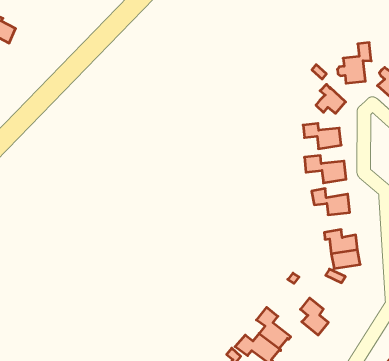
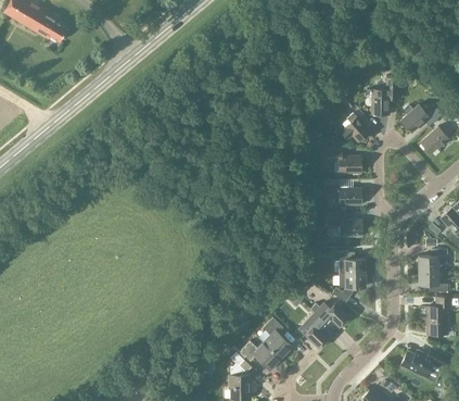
building: none -> [310,303,350,328]

